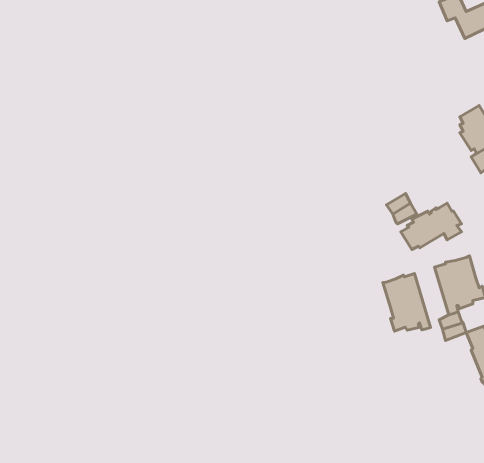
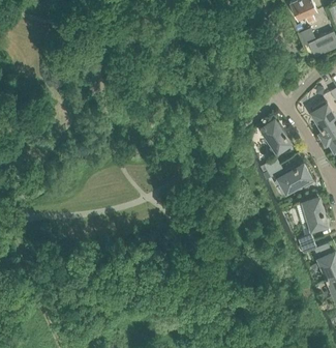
building: none -> [259,120,291,155]
building: [383,274,431,331] -> none

